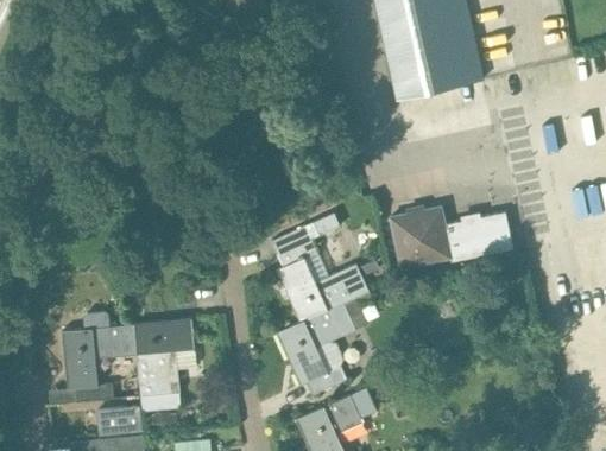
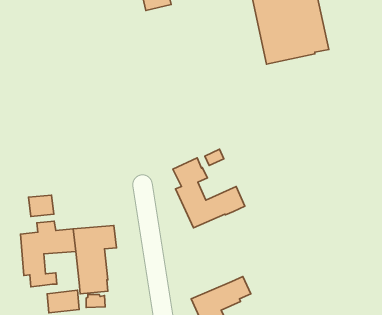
building: [393,207,513,269] -> none
building: none -> [29,195,54,216]
building: [273,292,370,395] -> none

